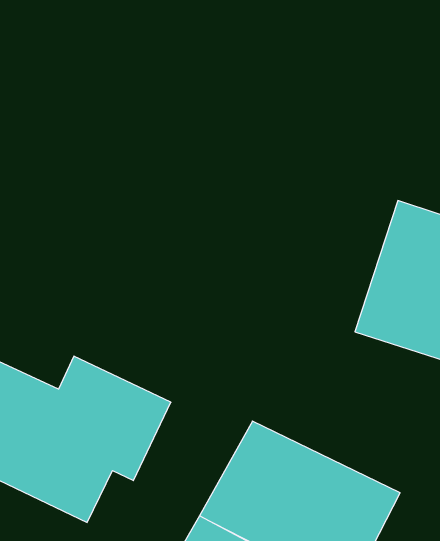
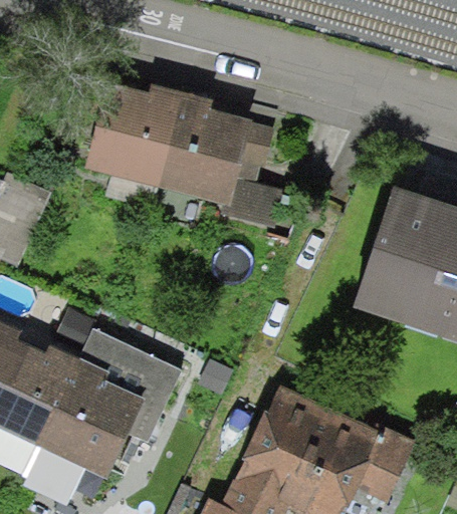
building: none -> [90,82,257,207]

